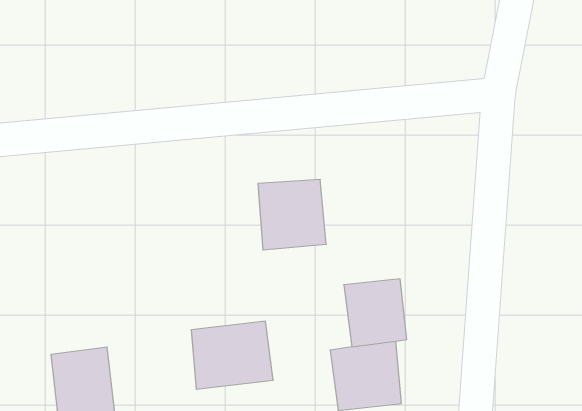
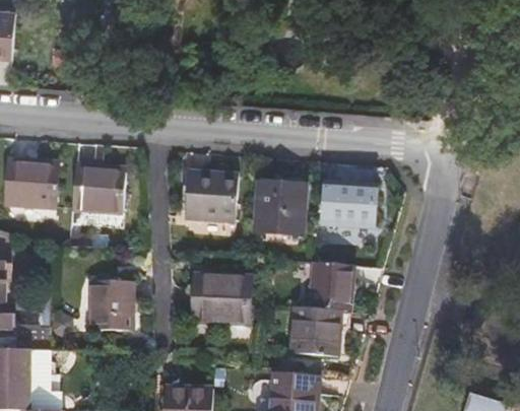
building: none -> [322,182,378,225]
building: none -> [184,172,239,220]
building: none -> [71,162,126,213]

